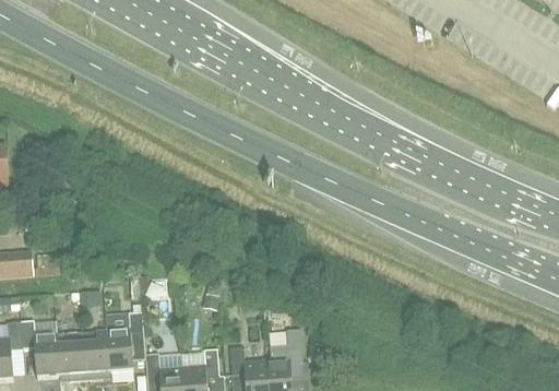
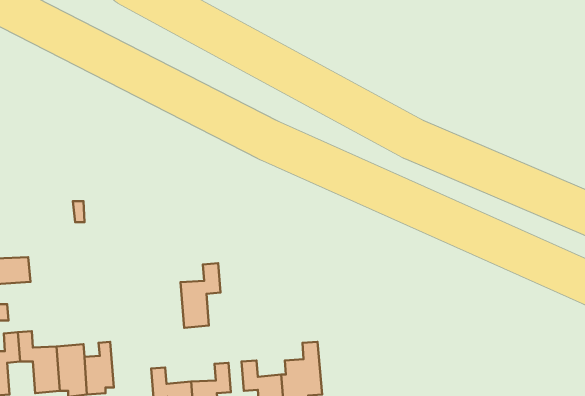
building: [106,309,143,369] -> [181,263,220,328]

